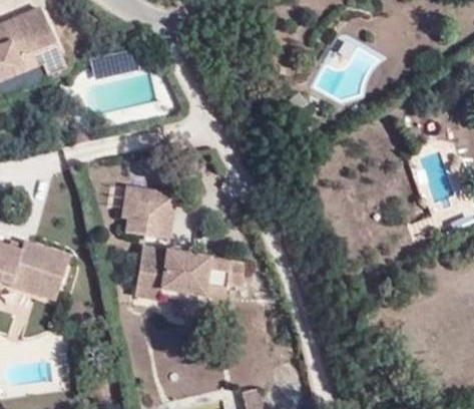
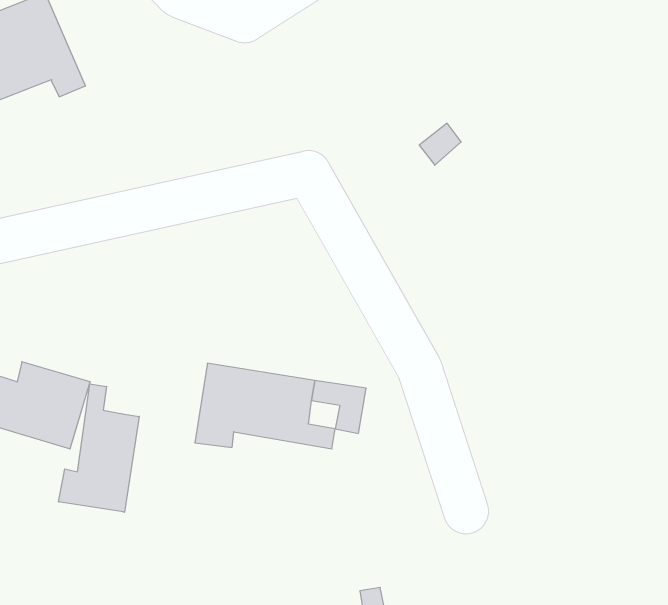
building: [121,185,177,239] -> none
building: none -> [59,384,139,512]

